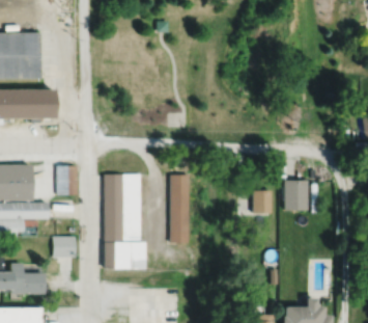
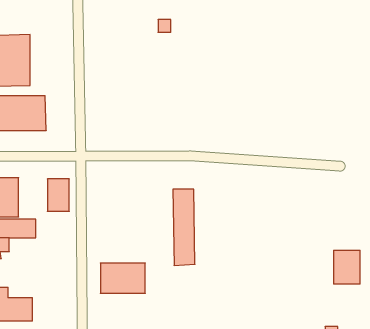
building: [105,173,142,241] -> none
building: [285,180,309,210] -> [334,250,360,284]
building: [253,190,272,213] -> none
building: [53,236,76,257] -> none

